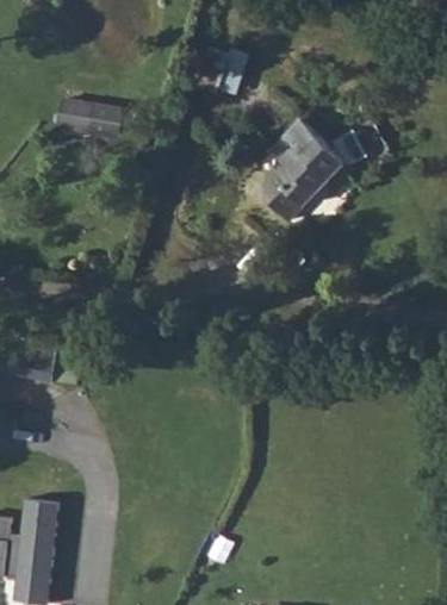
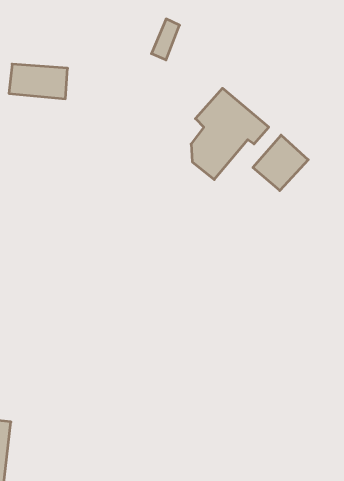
building: none -> [253,135,308,191]

